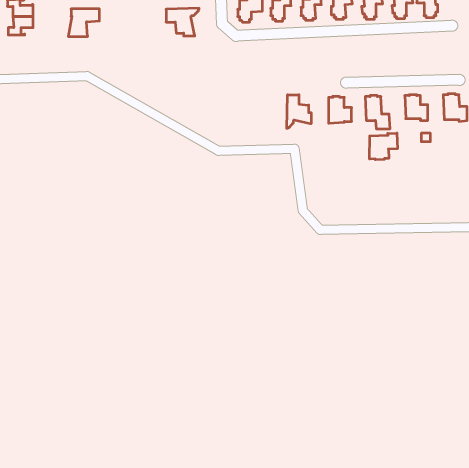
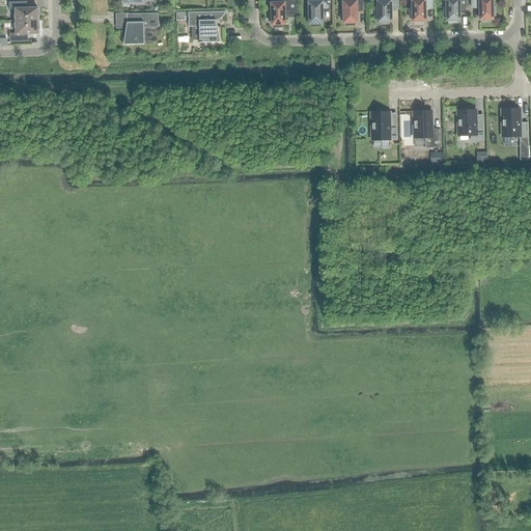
building: [68,9,99,36] -> [122,11,158,43]
building: [287,95,311,128] -> none
building: [370,133,397,160] -> none

